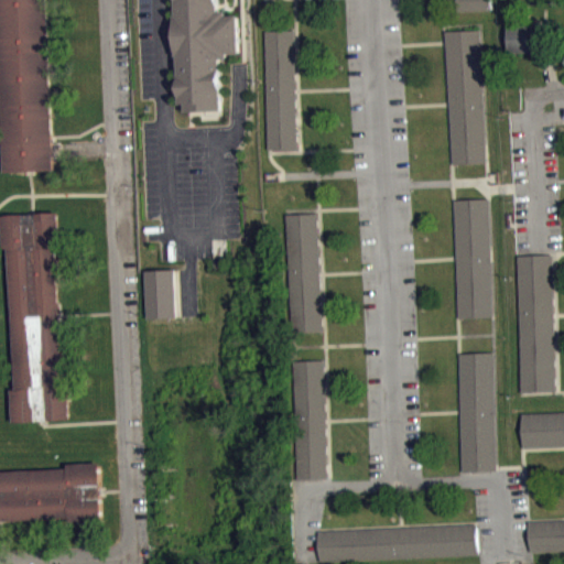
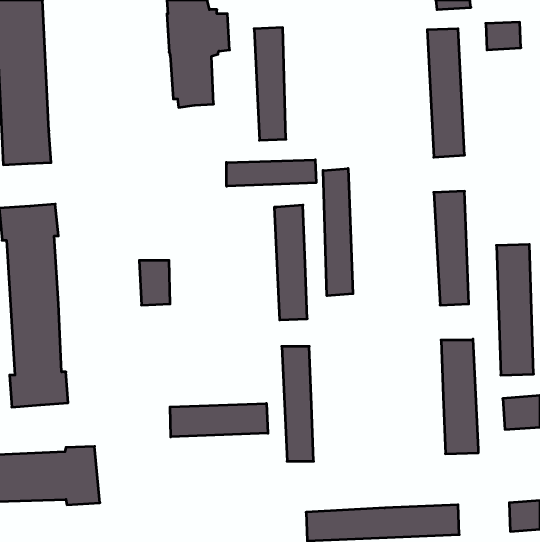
building: none -> [226,160,316,186]
building: none -> [323,168,353,296]
building: none -> [170,403,268,437]

